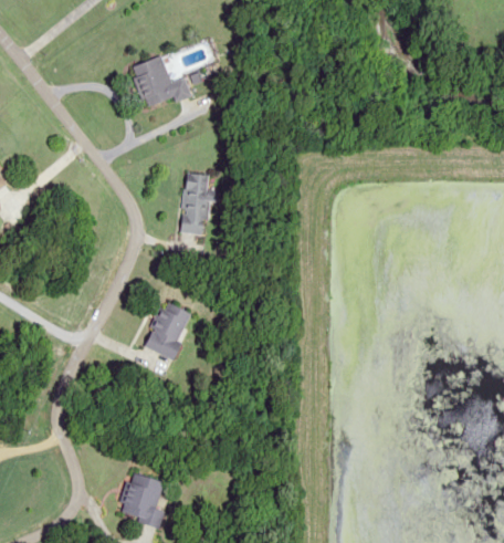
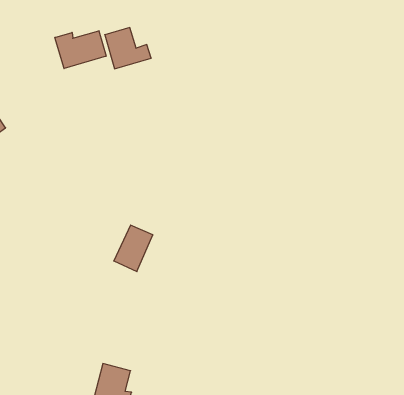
building: none -> [55,31,106,69]
building: [181,174,218,234] -> none

